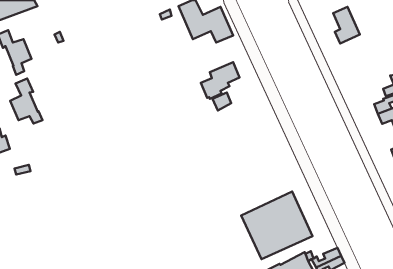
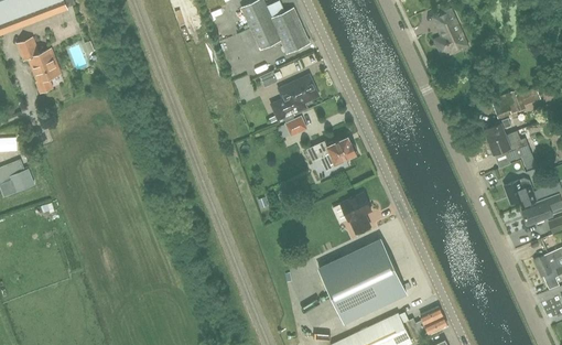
building: [10,79,42,124] -> none
building: none -> [312,137,356,172]
building: none -> [339,194,370,234]

